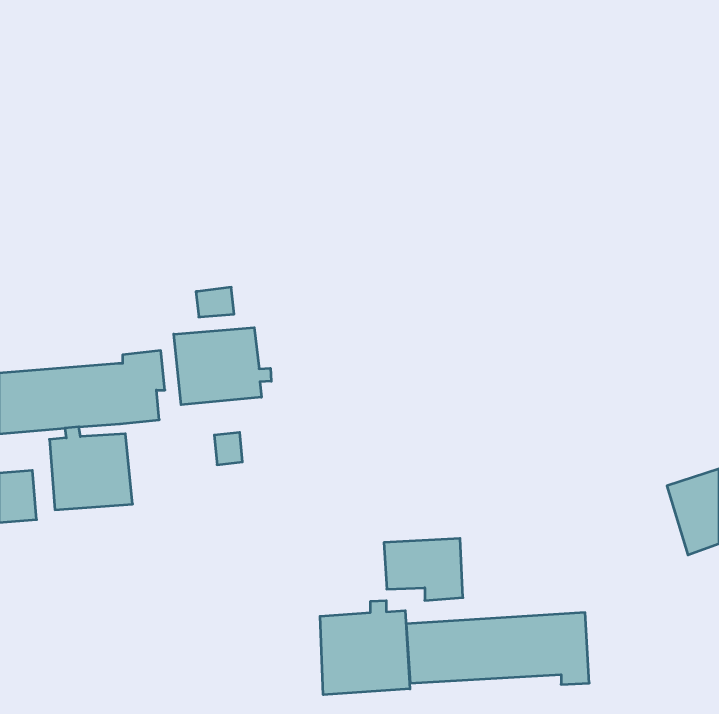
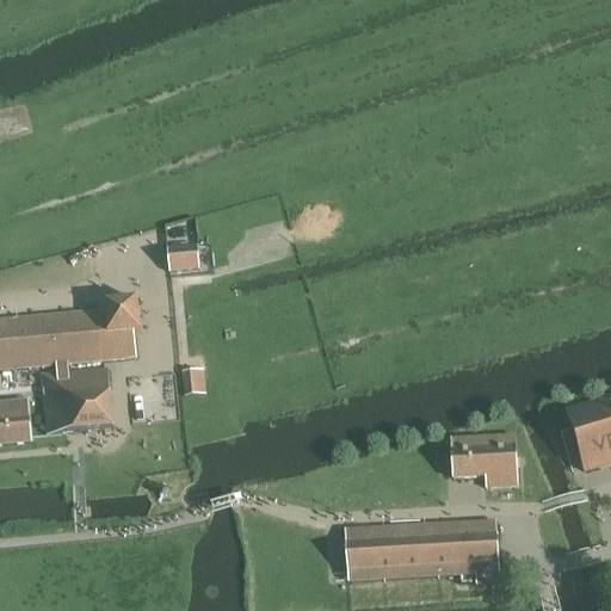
building: [174,328,271,405] -> none
building: [384,538,463,600] -> [450,433,517,486]
building: [320,601,410,695] -> none

